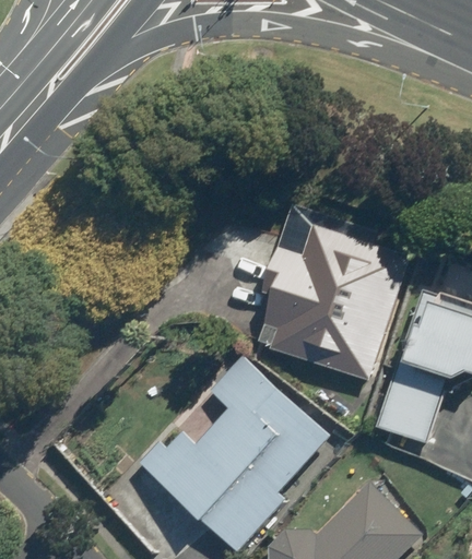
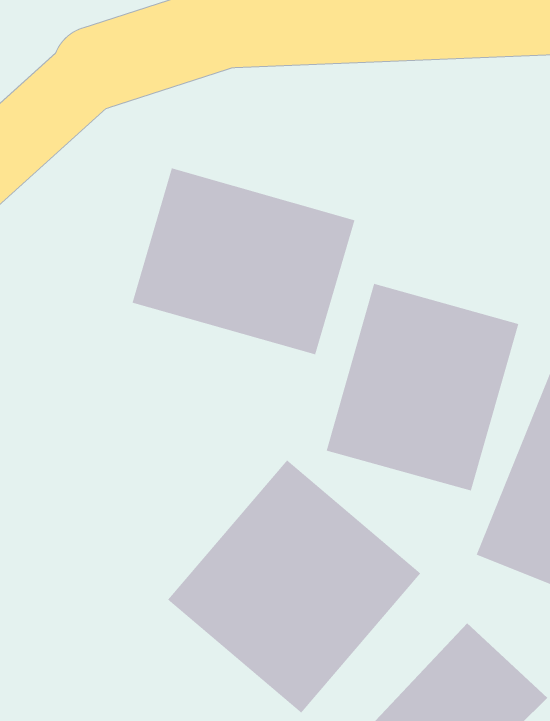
building: none -> [132,168,355,355]

